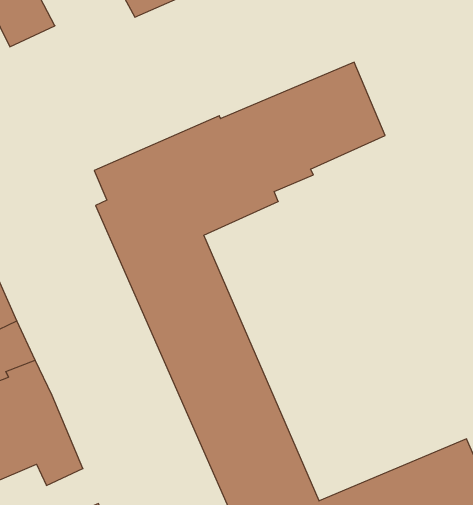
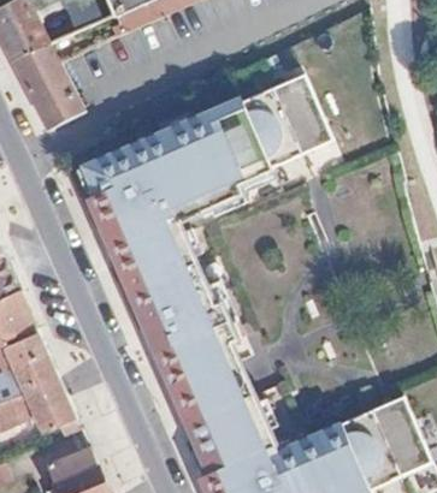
building: none -> [12,41,84,129]

